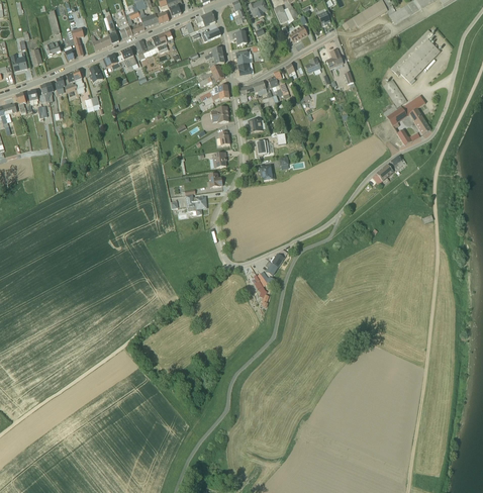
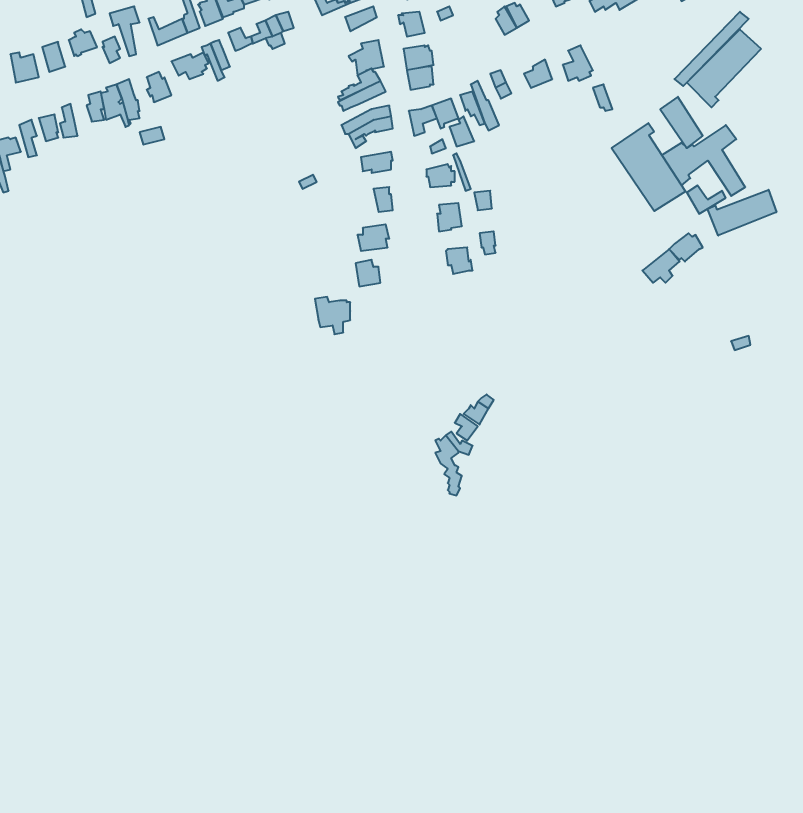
building: none -> [612,123,685,211]
building: none -> [708,190,776,236]

